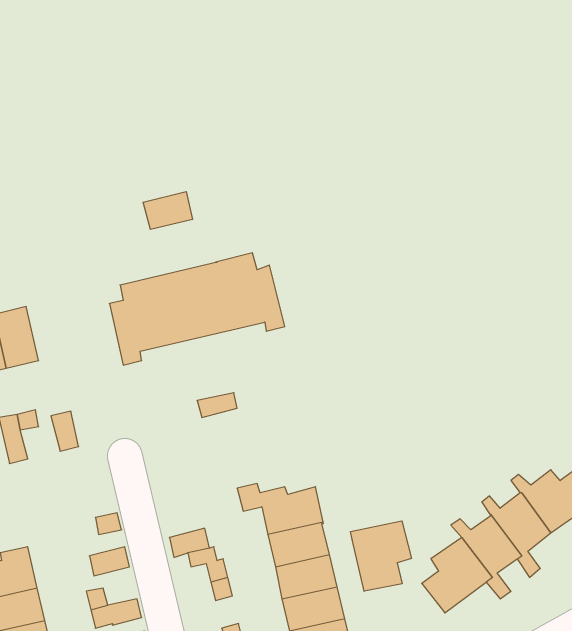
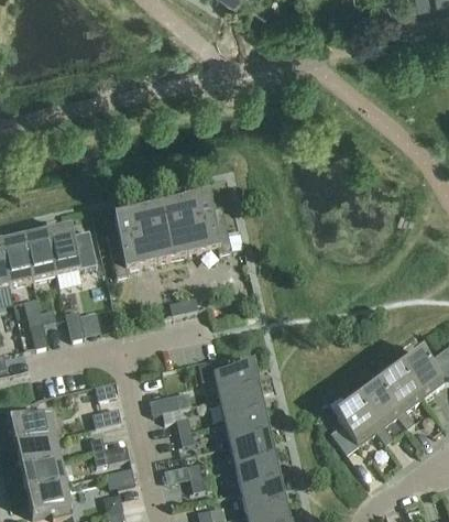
building: [143,192,193,229] -> none
building: none -> [47,230,86,274]
building: [351,521,412,591] -> none

